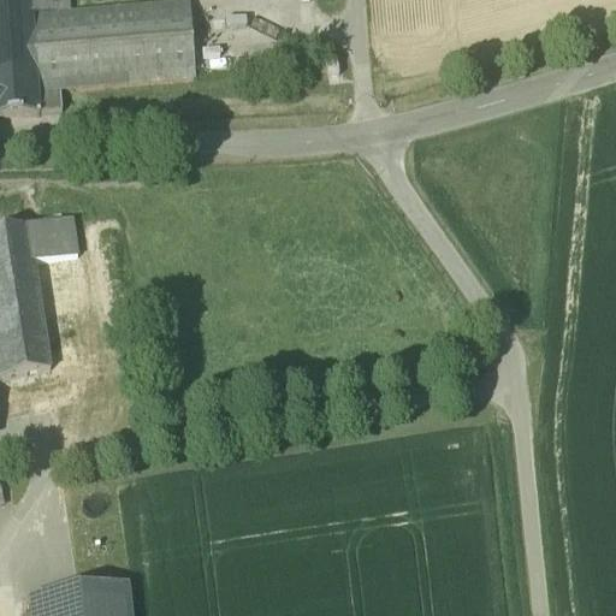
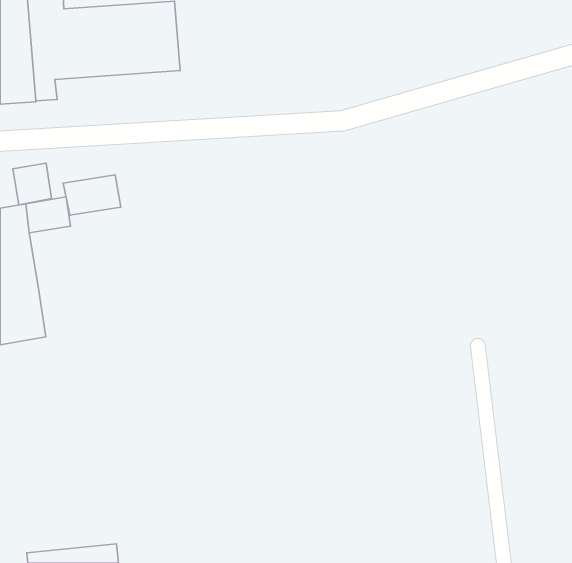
building: none -> [13,163,52,205]
building: none -> [63,175,121,215]

